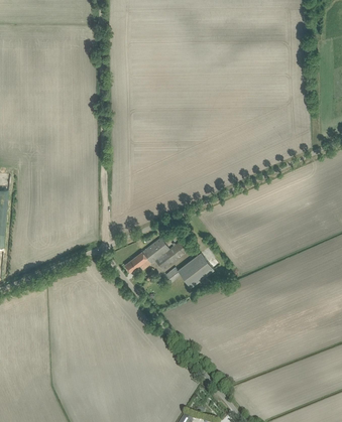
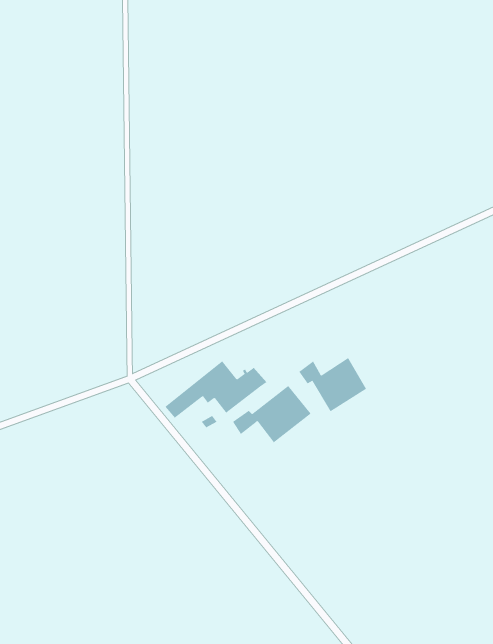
building: none -> [299,357,367,412]

